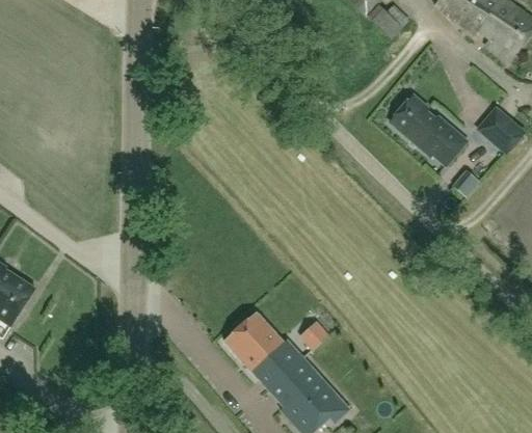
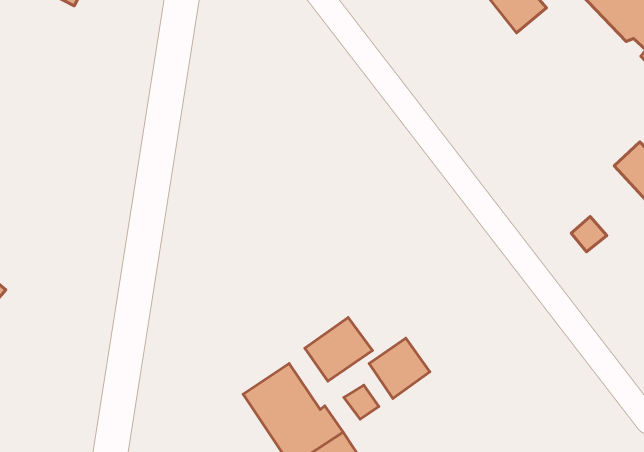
building: [390,94,467,164] -> none
building: none -> [305,318,373,381]
building: none -> [369,338,430,399]

